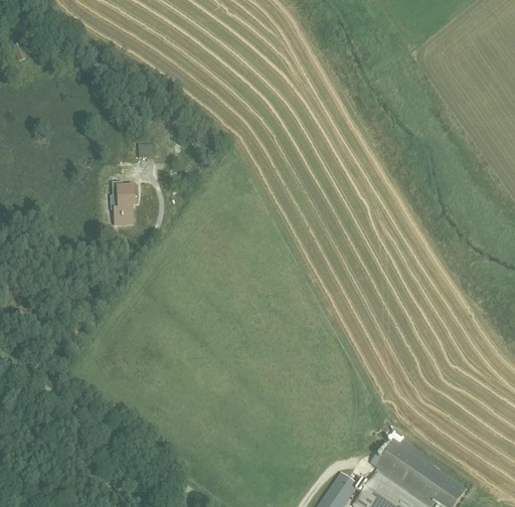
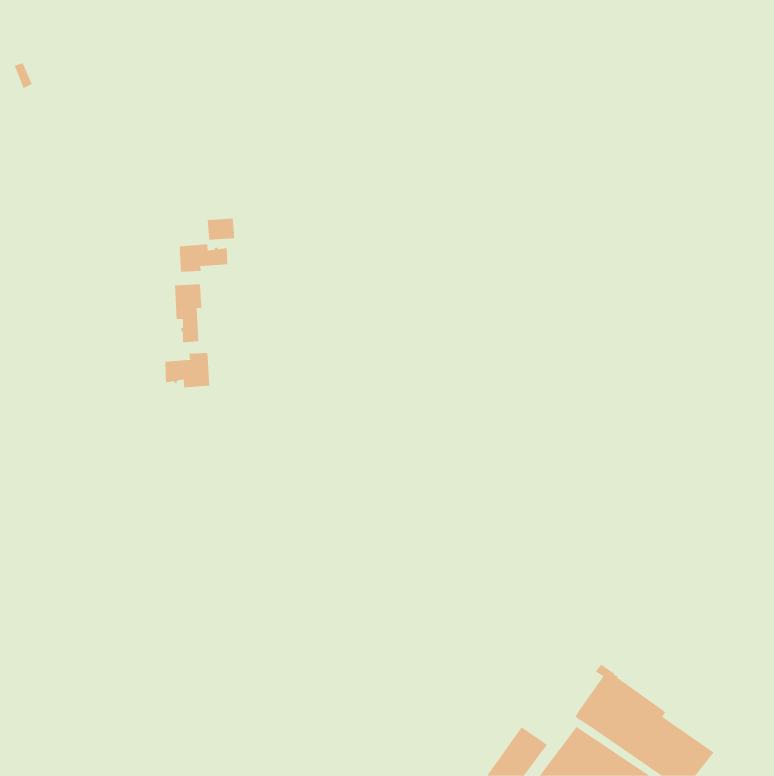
building: none -> [179,244,228,273]
building: none -> [165,352,210,388]

